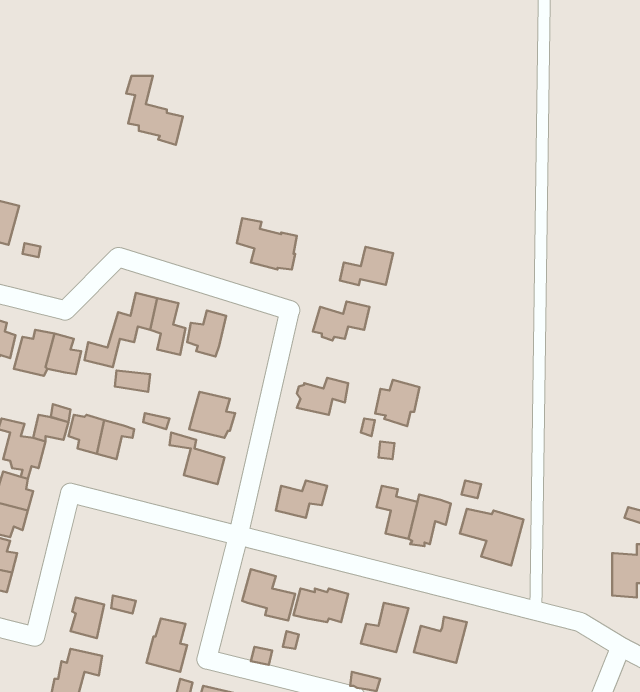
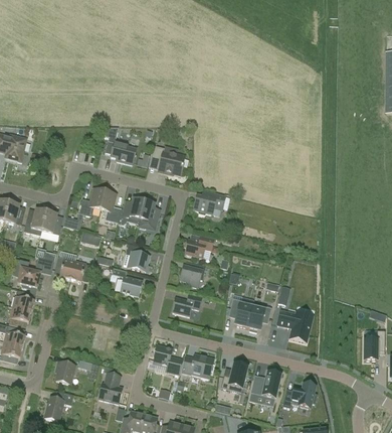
building: [126,76,183,145] -> [104,125,136,164]
building: [340,247,393,285] -> none
building: none -> [138,200,159,231]
building: [375,380,419,426] -> [180,261,205,287]
building: none -> [281,383,317,408]

